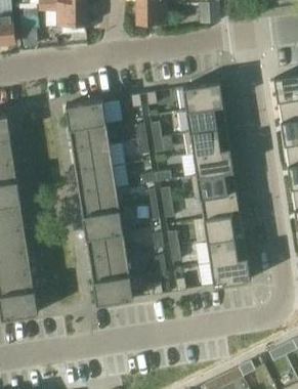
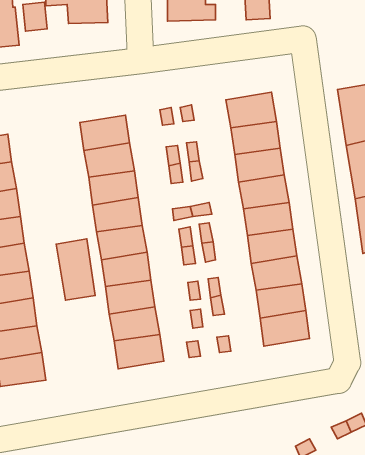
building: none -> [56,239,95,300]

